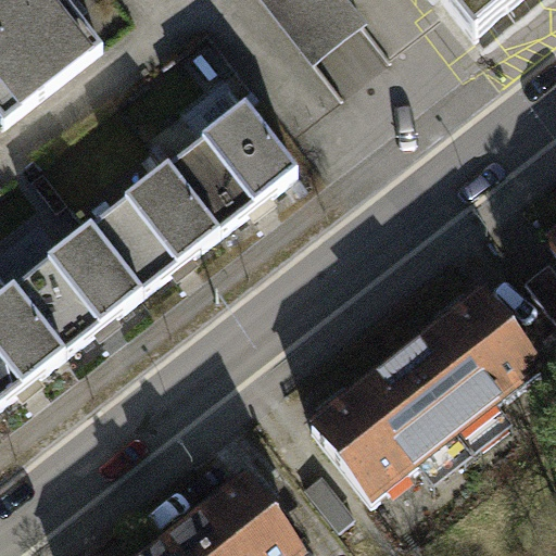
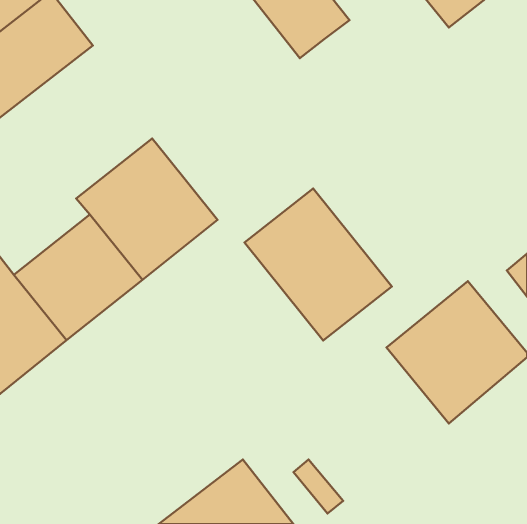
building: [165,83,301,226] -> none
building: none -> [244,188,392,341]
building: [309,357,462,507] -> none

